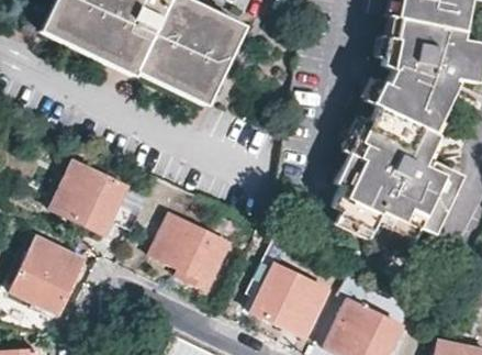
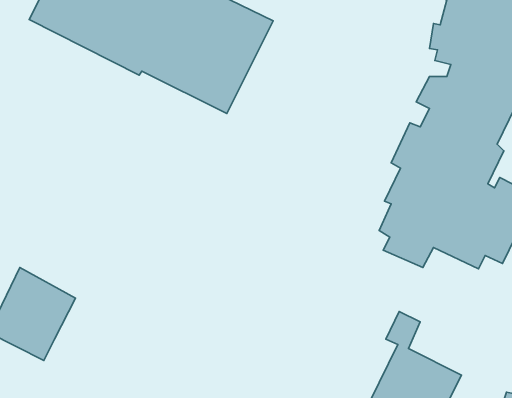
building: [53,162,149,236] -> none
building: [150,213,229,289] -> none
building: [254,265,329,339] -> none

